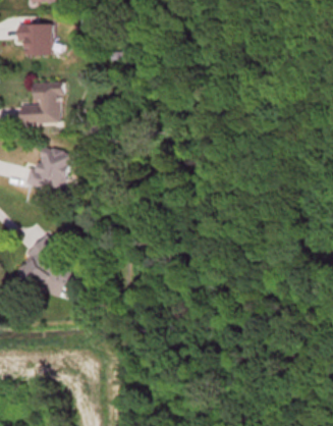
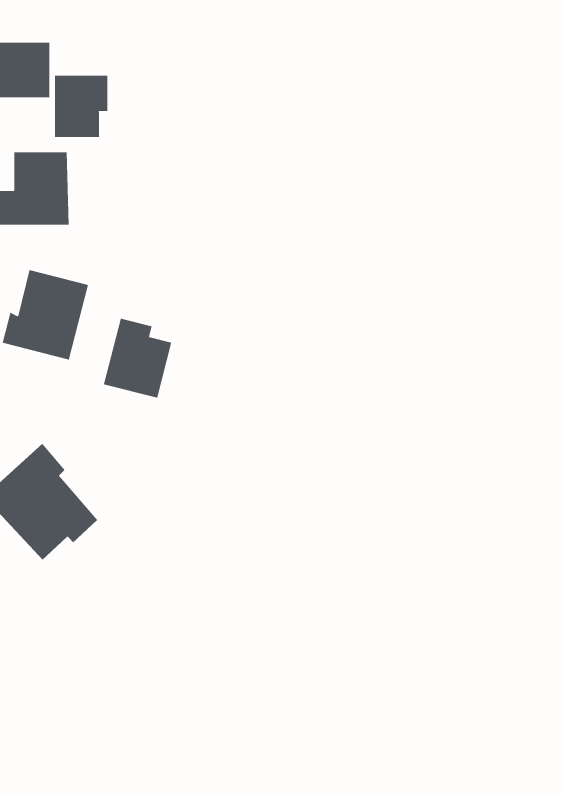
building: none -> [55,75,108,138]
building: none -> [103,318,172,399]

